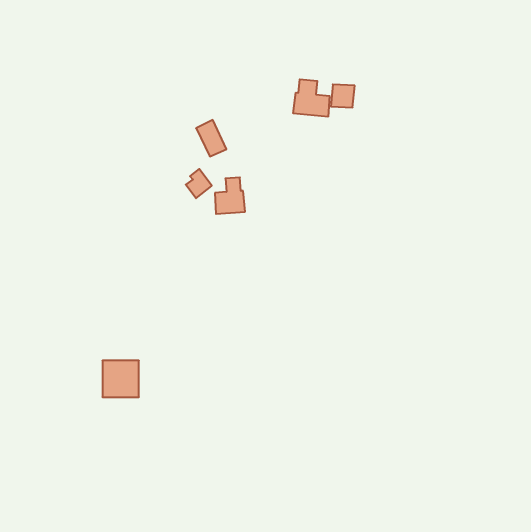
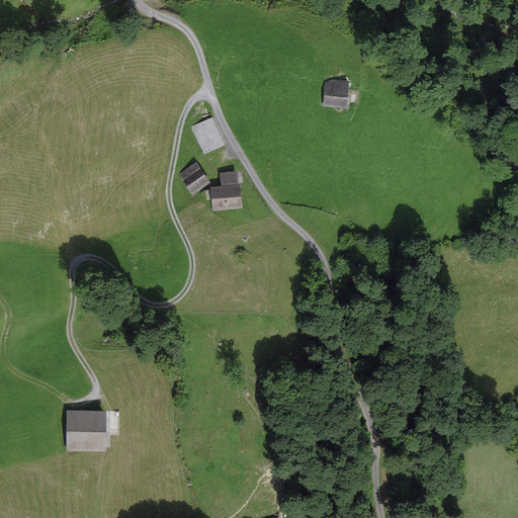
building: [293,79,330,117] -> none
building: [102,361,139,397] -> [69,412,104,447]

